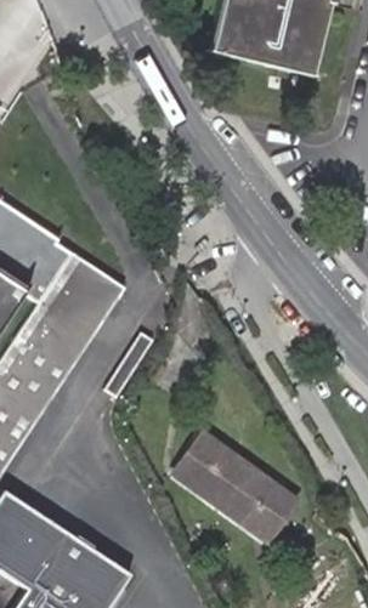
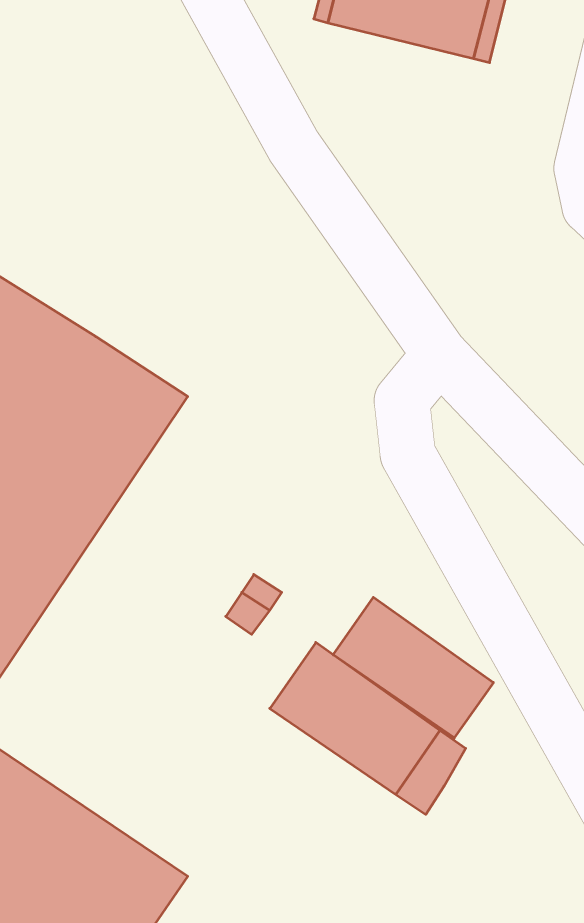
building: none -> [333,597,493,738]

